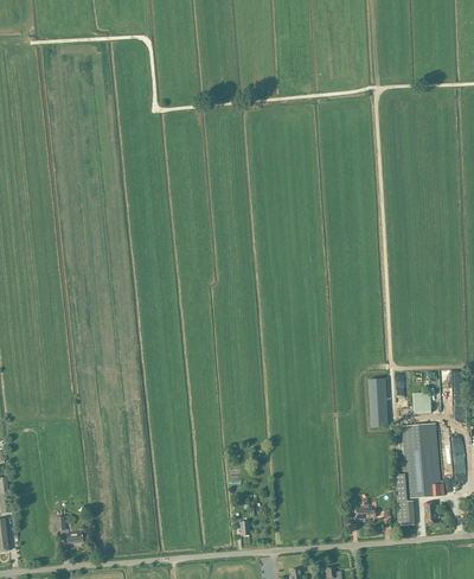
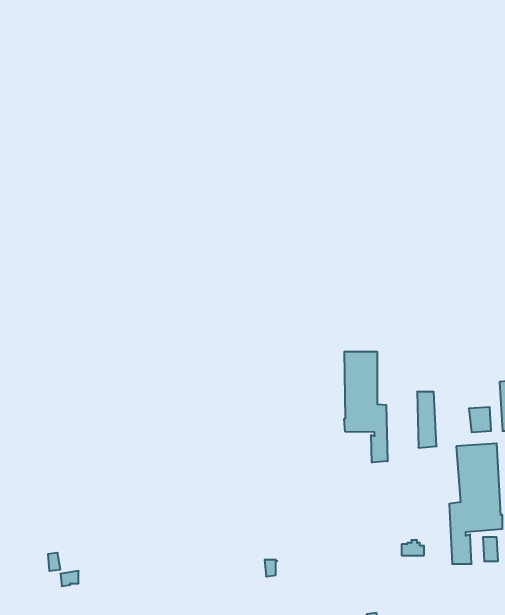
building: none -> [344,352,388,463]

